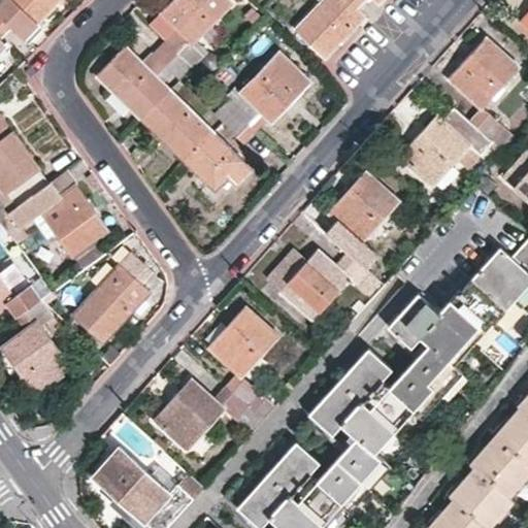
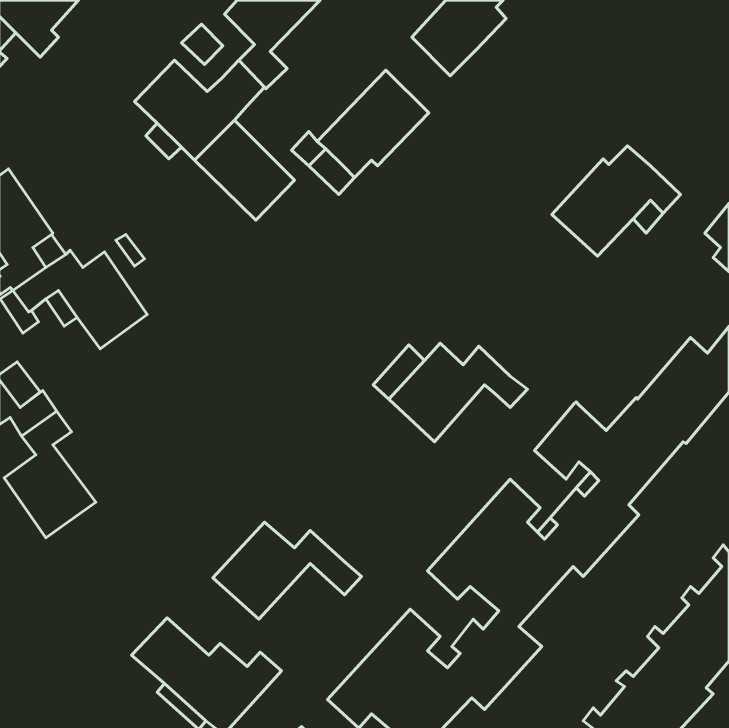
building: [448,37,518,153] -> none
building: [185,132,250,190] -> none
building: [329,171,398,273] -> none
building: [73,252,151,341] -> none
building: [208,307,278,411] -> none

